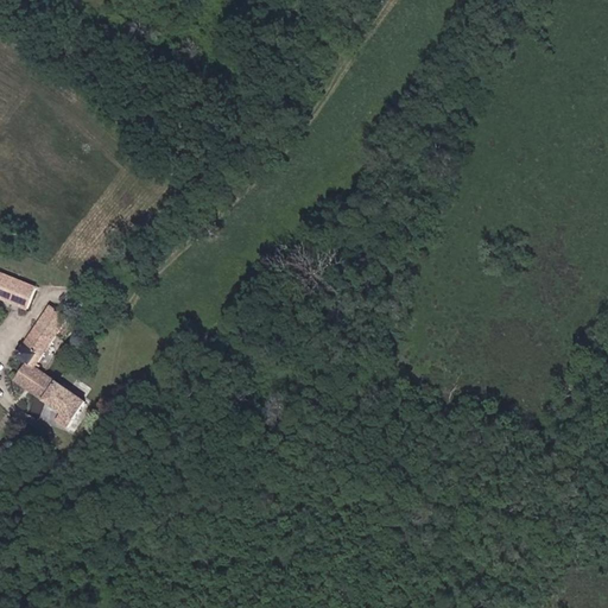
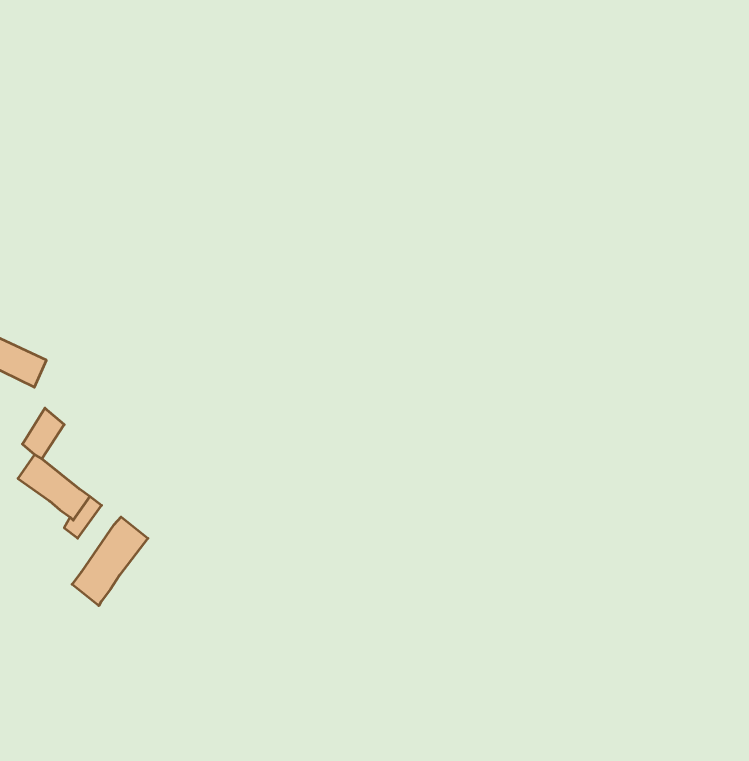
building: [36,303,66,337] -> none
building: none -> [72,517,148,606]

